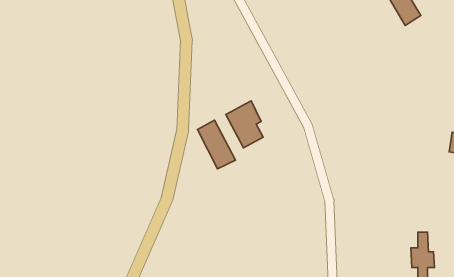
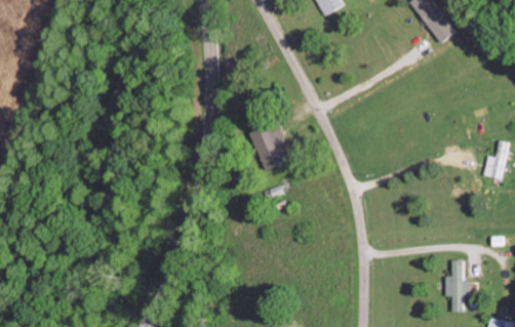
building: [197,120,236,169] -> none

